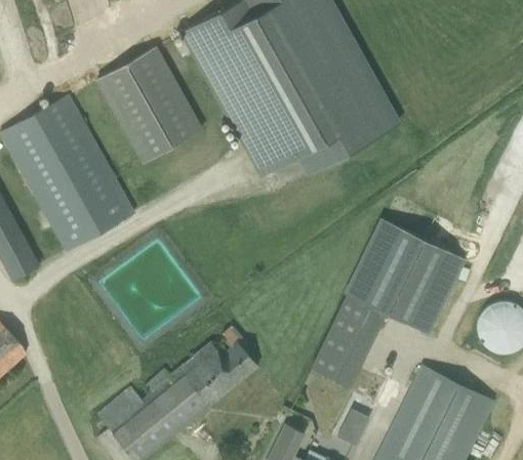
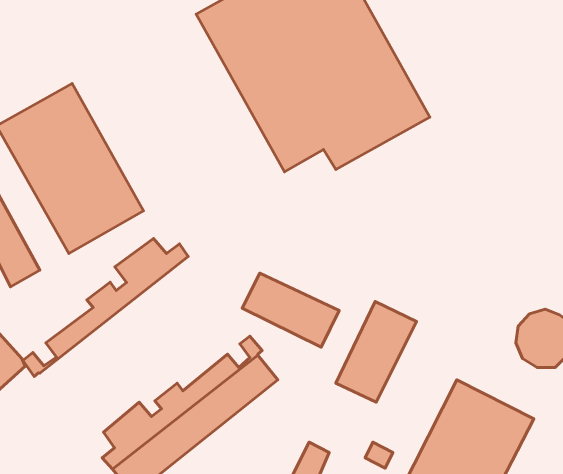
building: [98,47,202,163] -> none
building: [348,219,462,332] -> none
building: none -> [23,239,188,376]
building: none -> [242,273,339,347]

